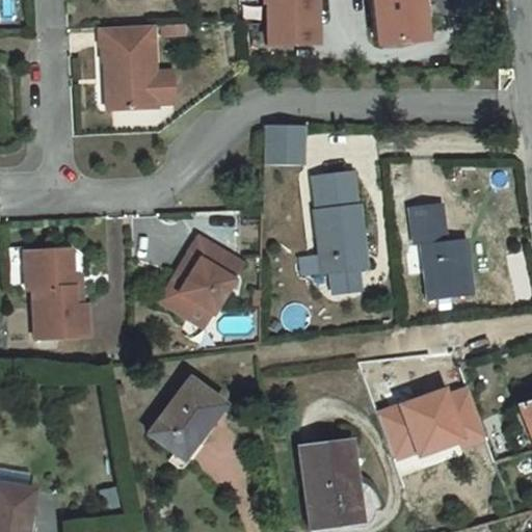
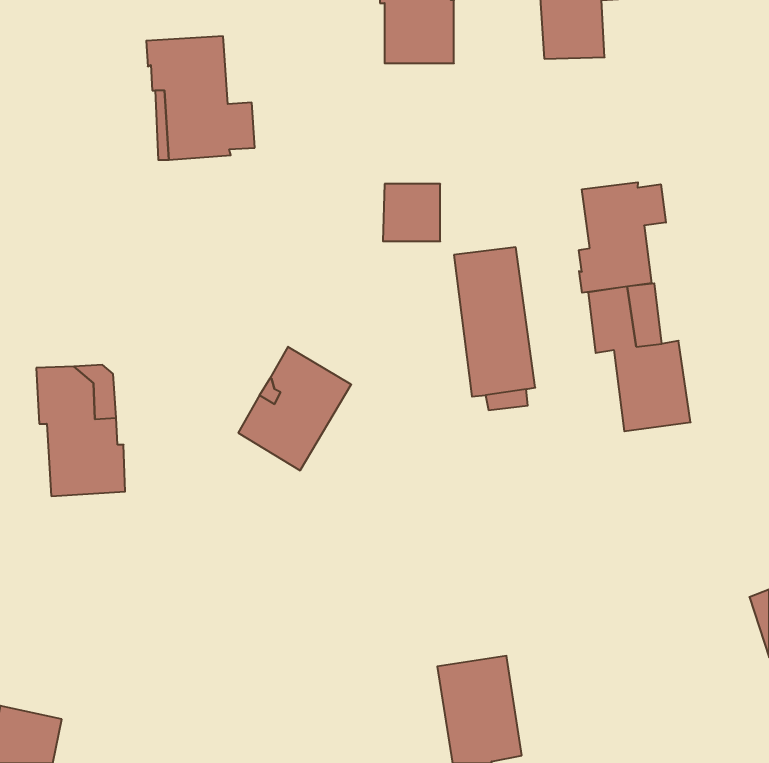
building: none -> [579,182,666,293]
building: [376,383,481,454] -> none
building: [154,391,225,468] -> none

